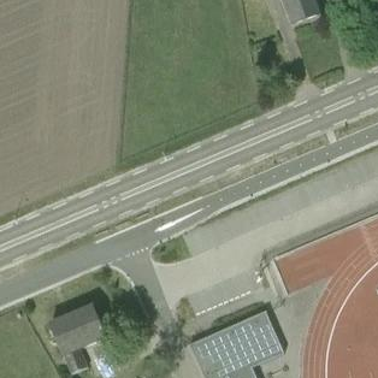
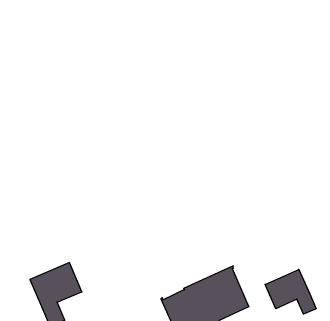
building: none -> [265,269,316,314]

